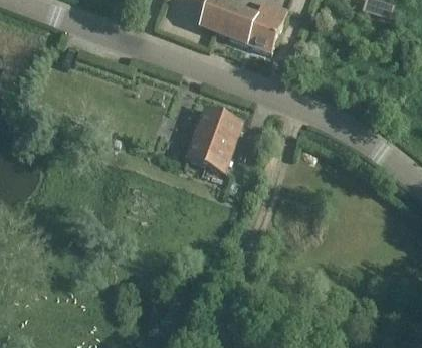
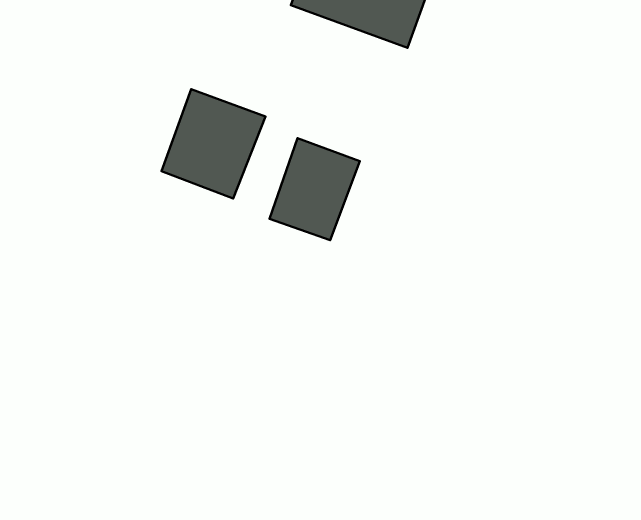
building: none -> [162,89,266,199]

